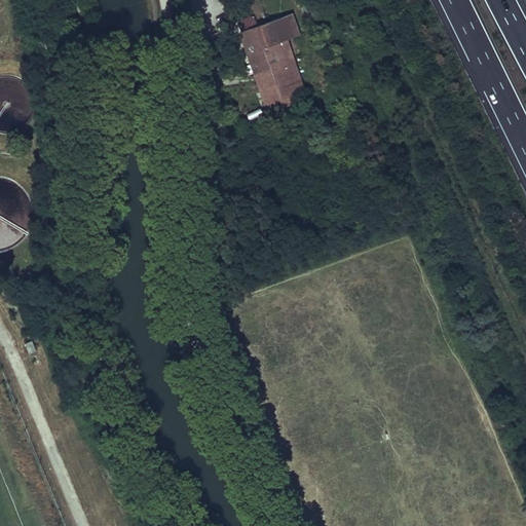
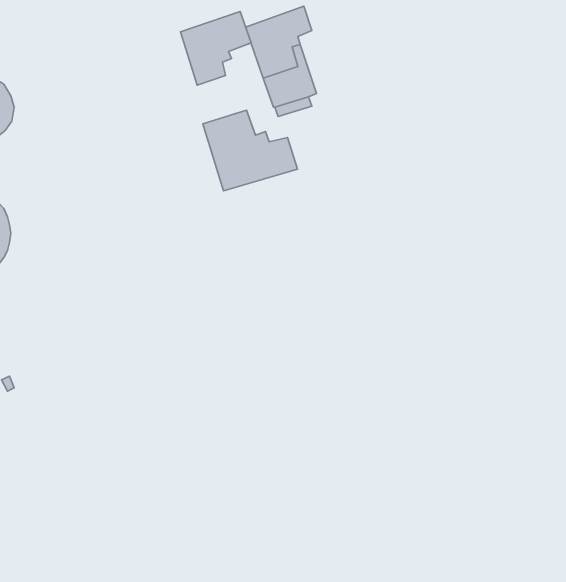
building: none -> [180,11,251,85]
building: none -> [203,110,298,191]

